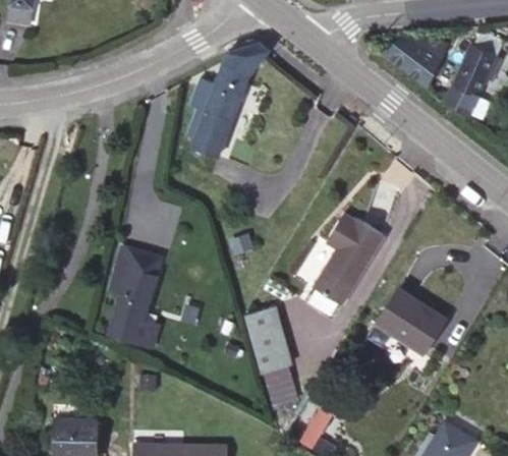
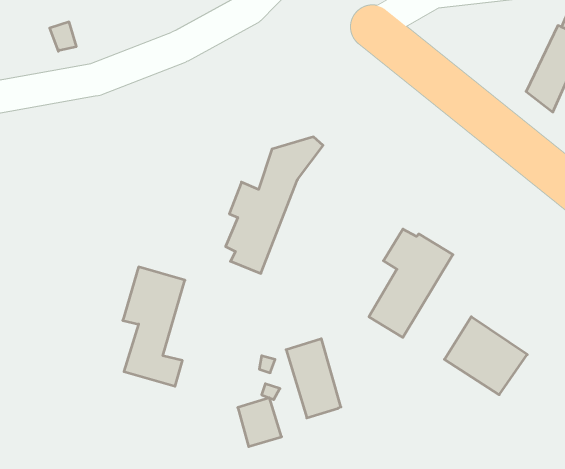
building: [386,35,445,87] -> none
building: [187,43,269,157] -> [226,137,323,273]
building: [262,365,298,406] -> [238,398,282,447]

